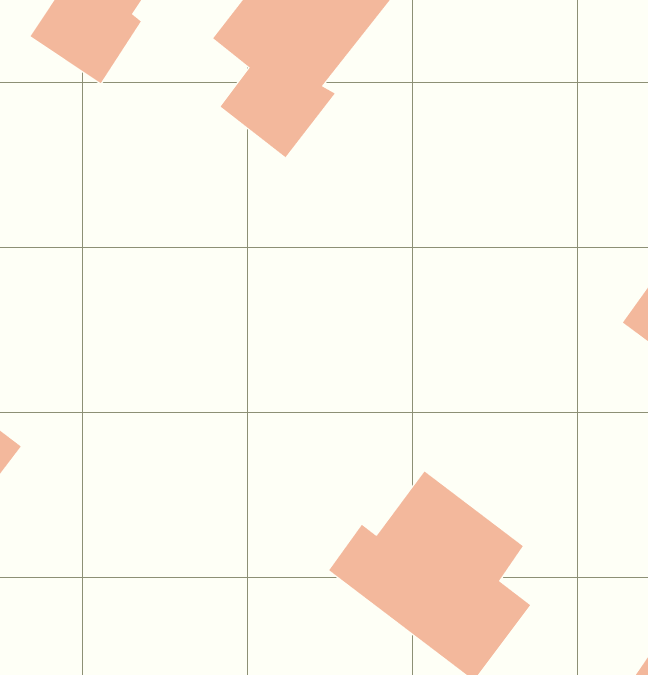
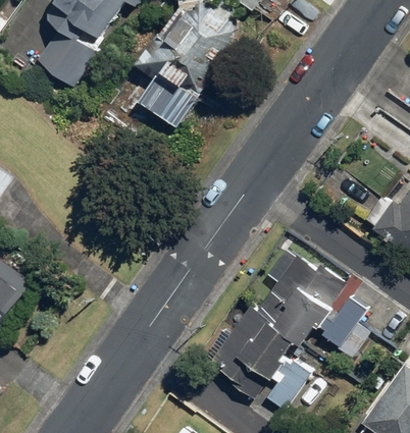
building: none -> [243,245,349,341]
building: none -> [320,296,369,357]

